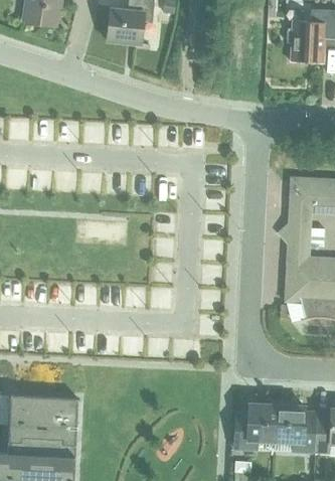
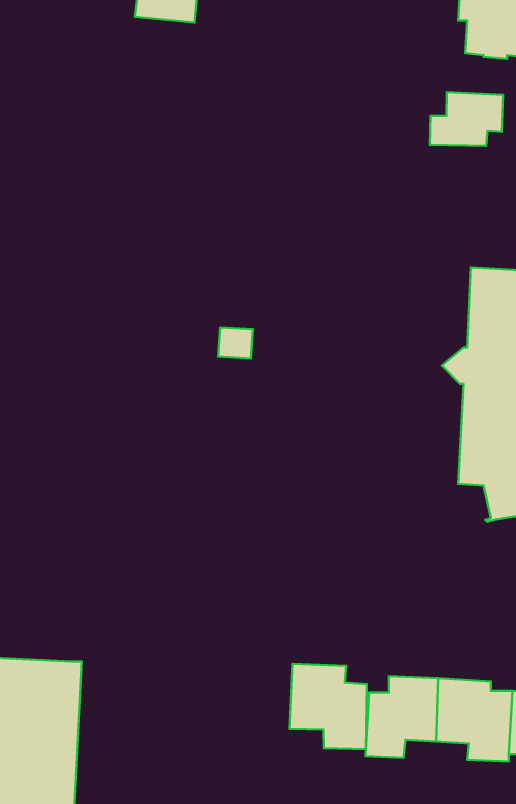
building: none -> [430,92,503,146]
building: none -> [290,664,367,749]

